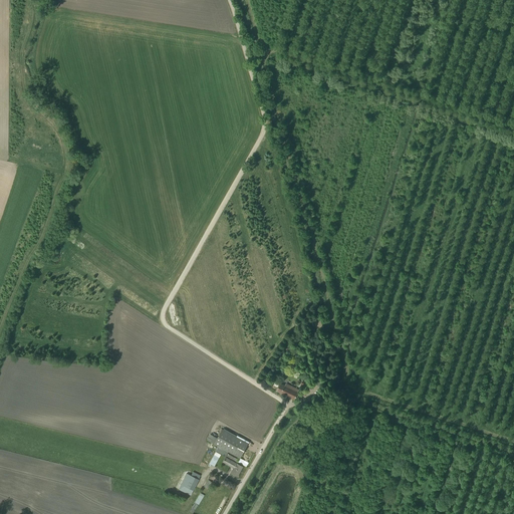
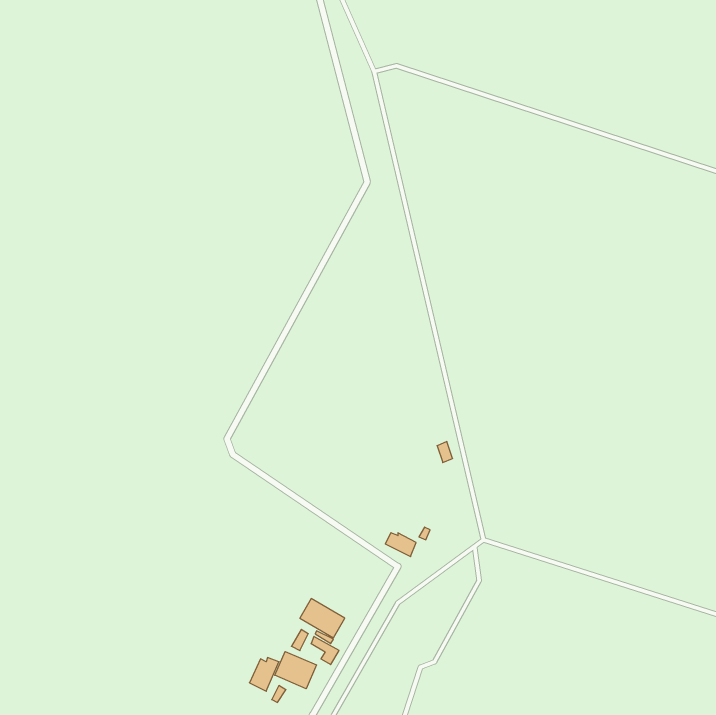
building: none -> [275,652,316,689]

